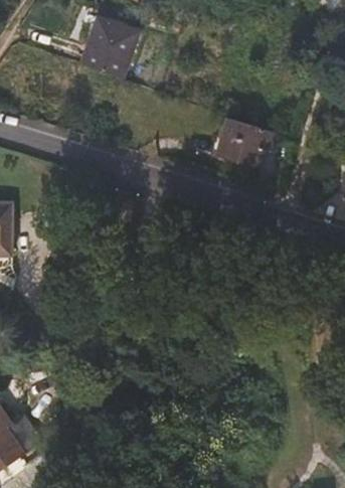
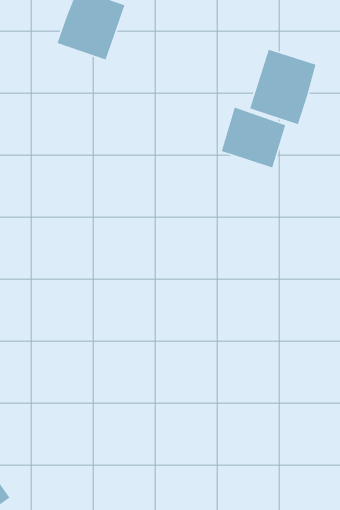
building: none -> [249,49,317,125]

